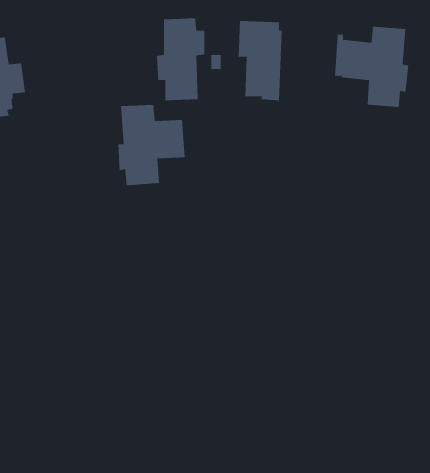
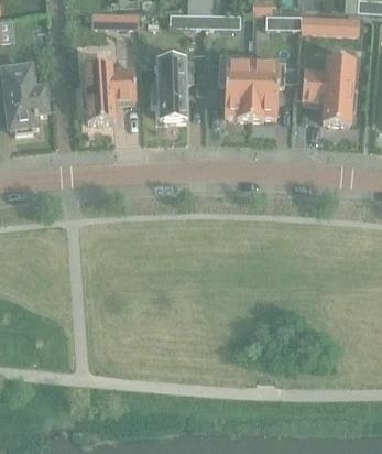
building: none -> [252,62,298,119]
building: [118,104,185,186] -> [80,56,135,122]

